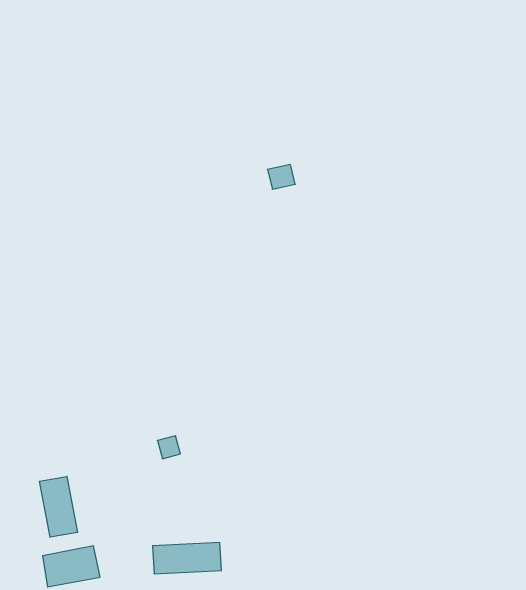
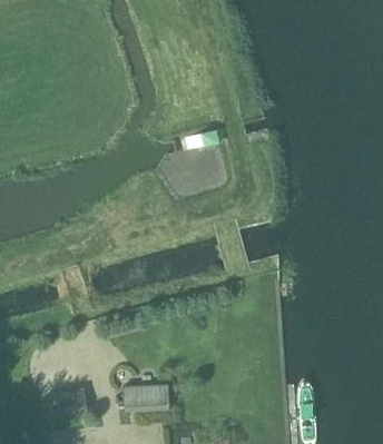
building: [40,476,77,537] -> none

